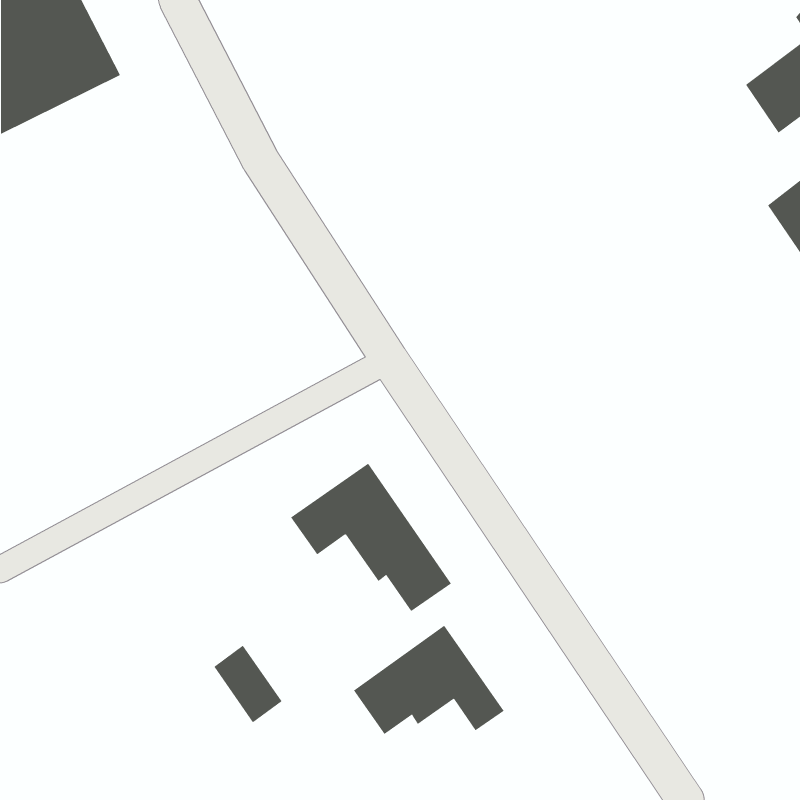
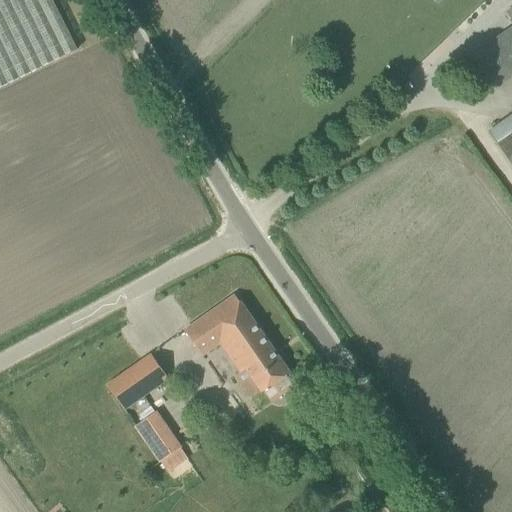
building: none -> [108,353,169,408]
building: [353,625,505,735] -> none

